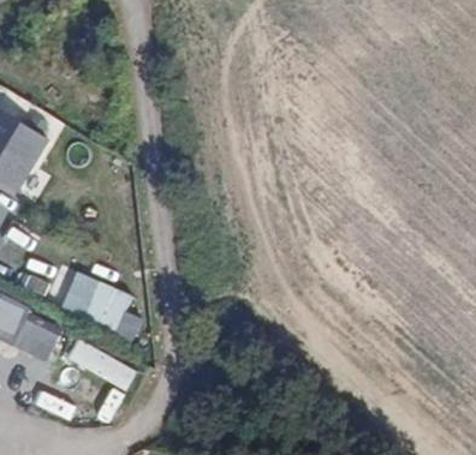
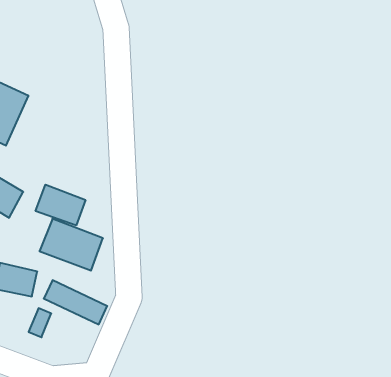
building: none -> [36,185,85,225]

